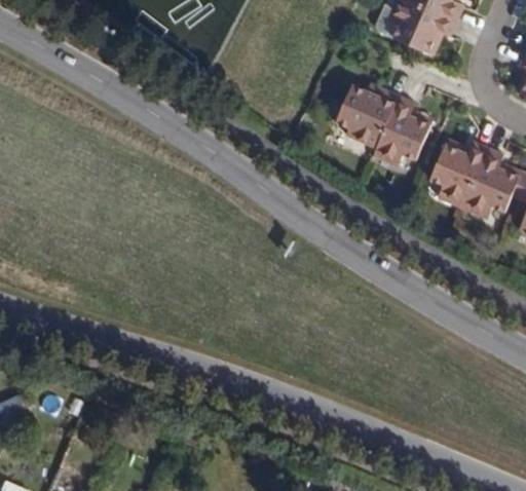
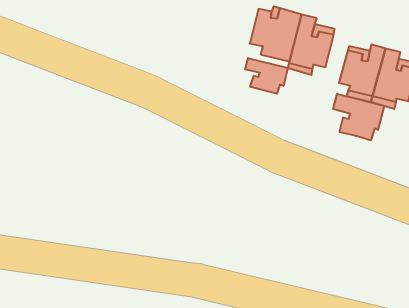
building: none -> [245,58,288,94]
building: none -> [333,94,384,140]

